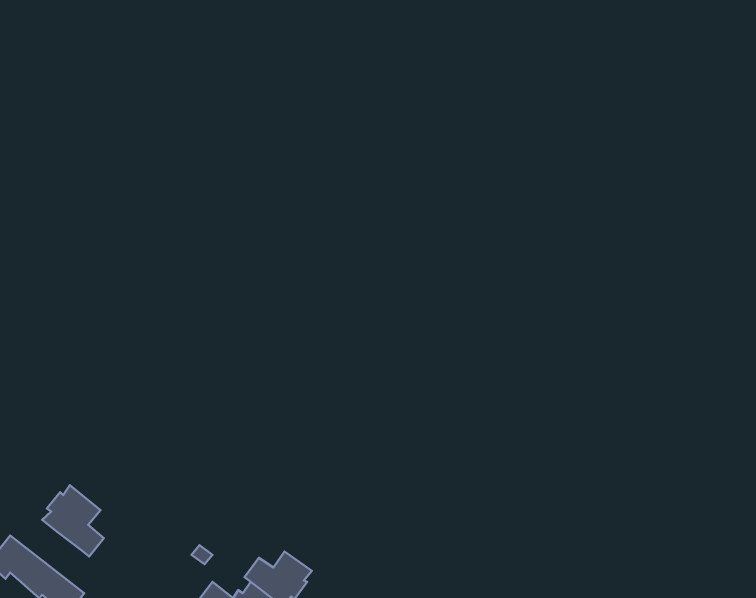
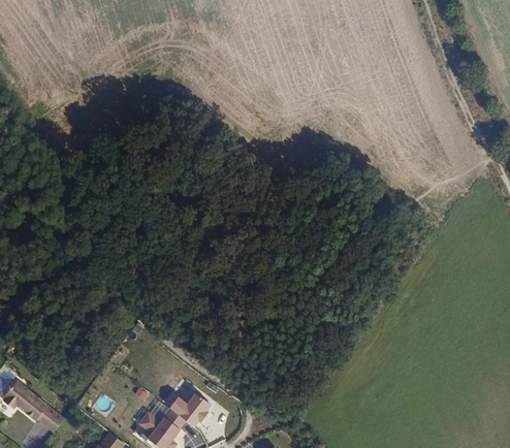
building: [42,485,104,557] -> none

